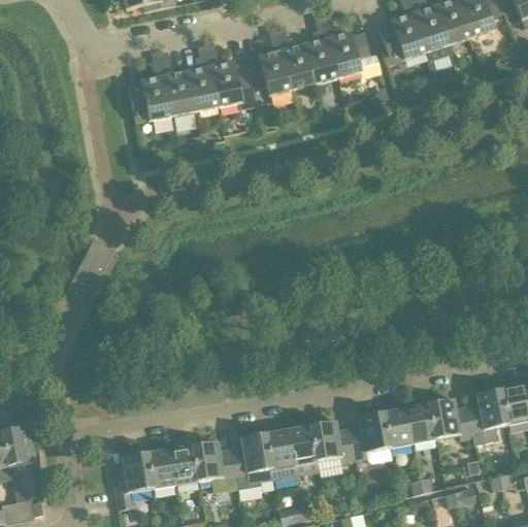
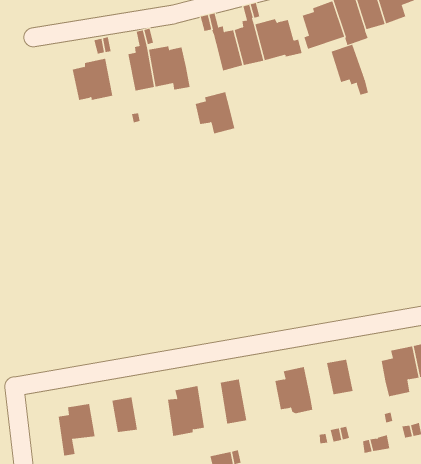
building: [250,47,294,94] -> [195,92,235,134]
building: none -> [331,44,368,96]
building: [166,69,198,114] -> none
building: [430,397,473,438] -> none
building: [384,406,415,446] -> none
building: [312,420,357,469] -> none
building: [267,428,298,477] -> none
building: [195,439,239,491] -> none
building: [148,448,178,487] -> none

